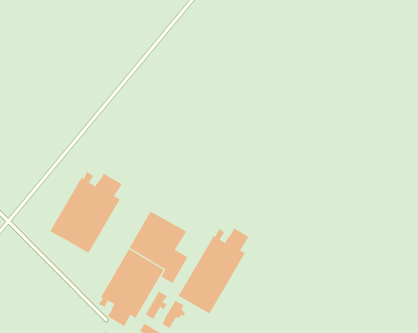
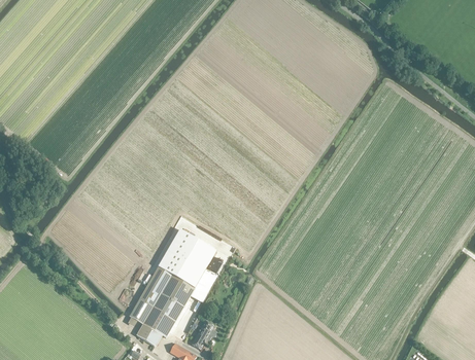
building: [49,171,122,254] -> none
building: [178,228,249,314] -> none

